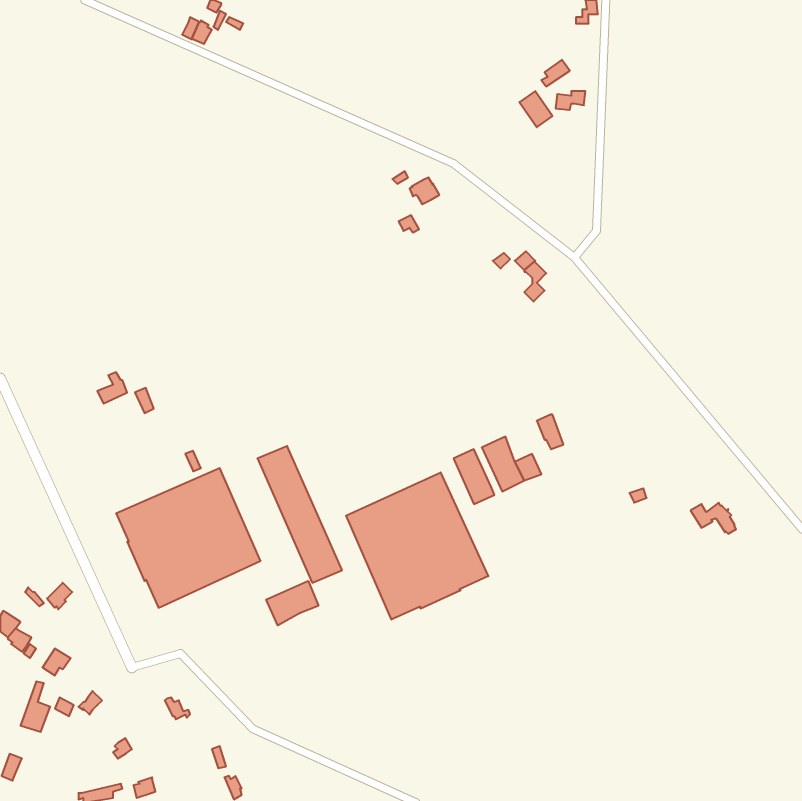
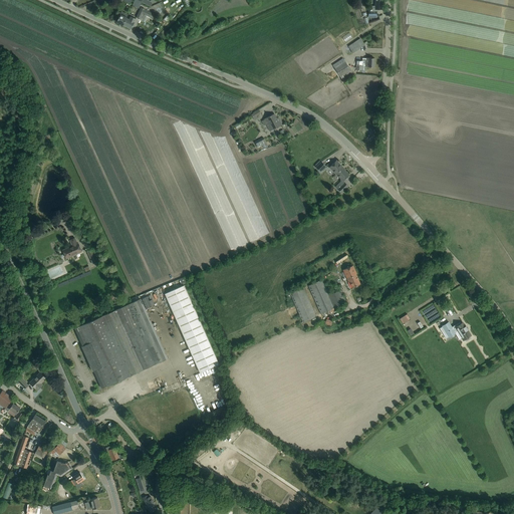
building: [346,472,488,620] -> none
building: [266,581,318,625] -> none
building: none -> [42,462,72,493]

